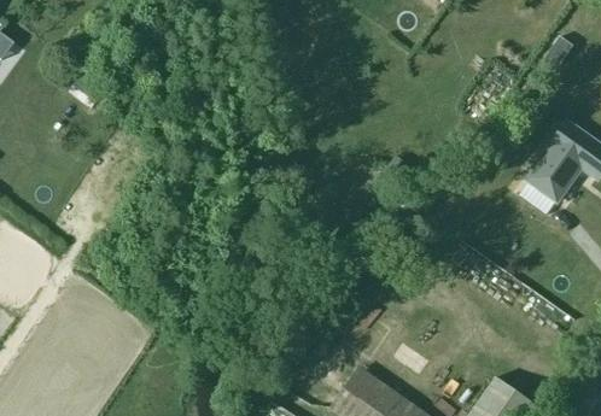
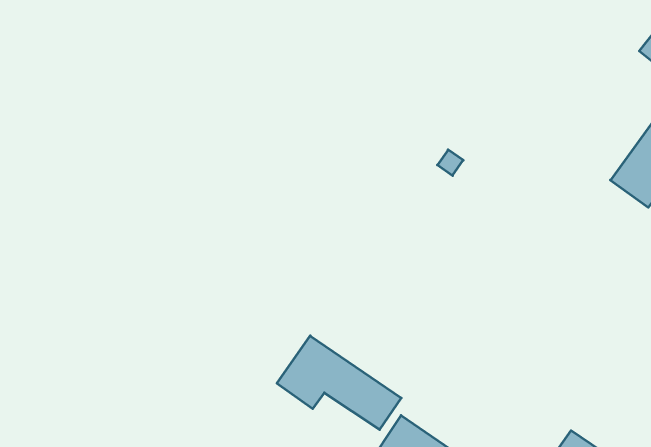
building: none -> [277,336,401,430]

